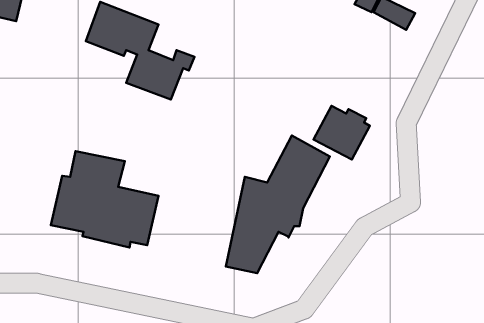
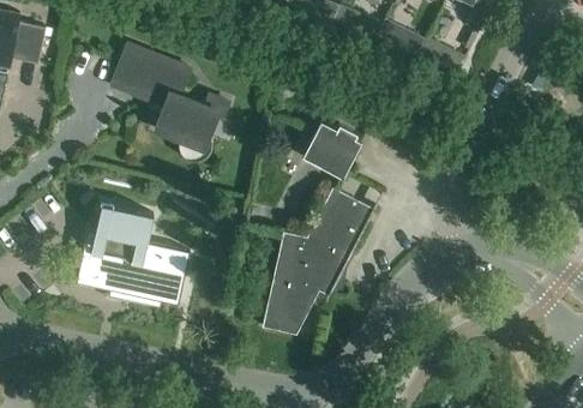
building: [314,106,370,160] -> [301,120,361,178]

